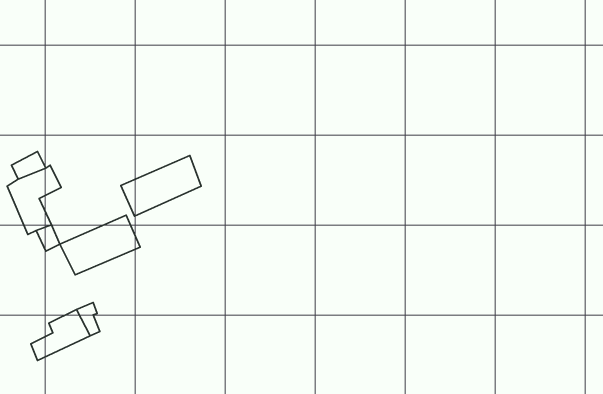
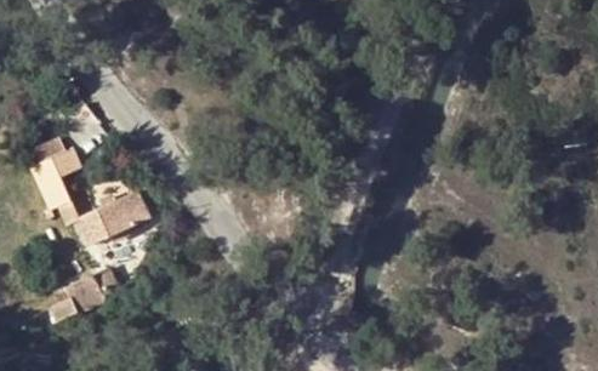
building: [121,155,201,216] -> none

